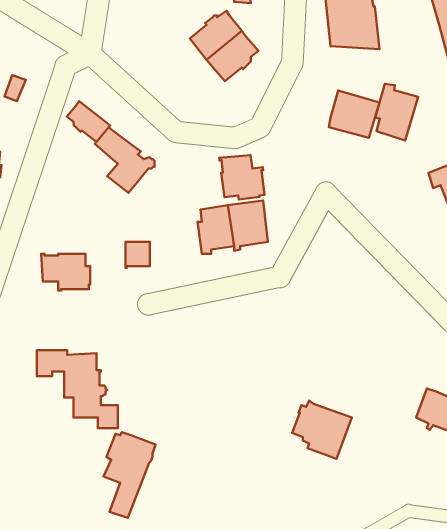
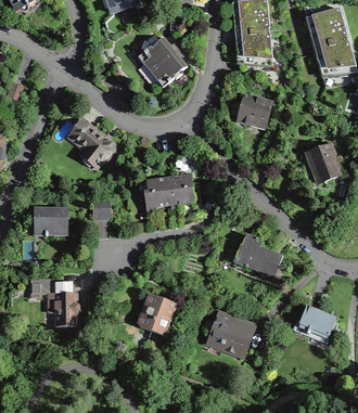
building: [375,84,418,140] -> none
building: [67,101,110,142] -> none
building: [219,155,265,200] -> none
building: none -> [233,233,277,272]
building: [103,432,155,518] -> [139,294,176,354]

